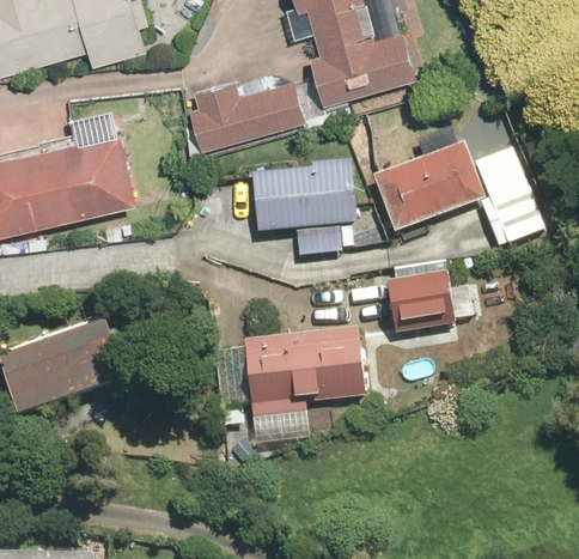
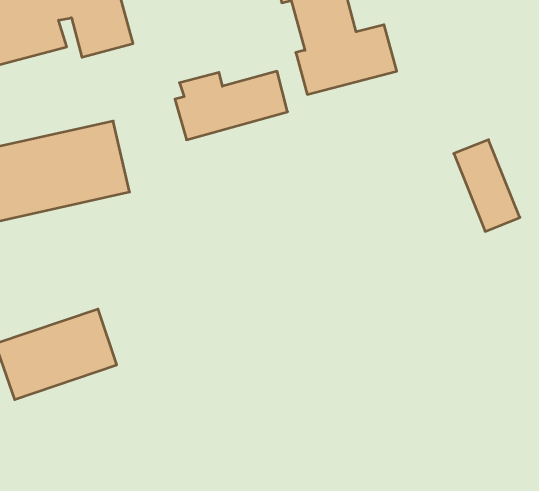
building: [371,142,482,232] -> none
building: [251,159,355,232] -> none
building: [385,273,452,333] -> none
building: [243,329,362,418] -> none

